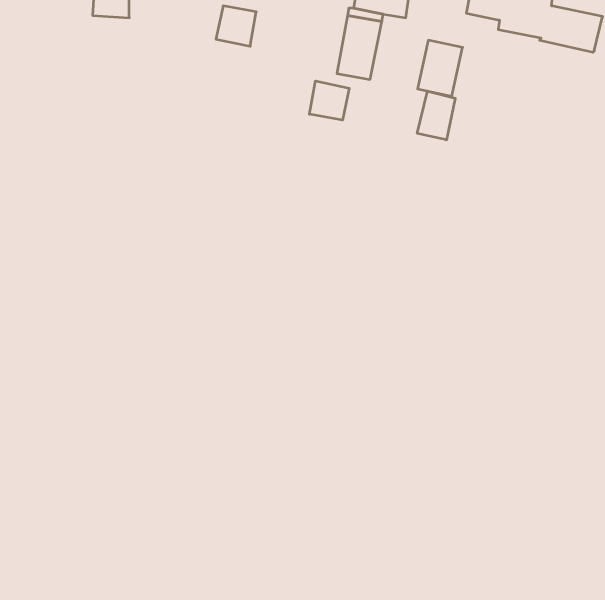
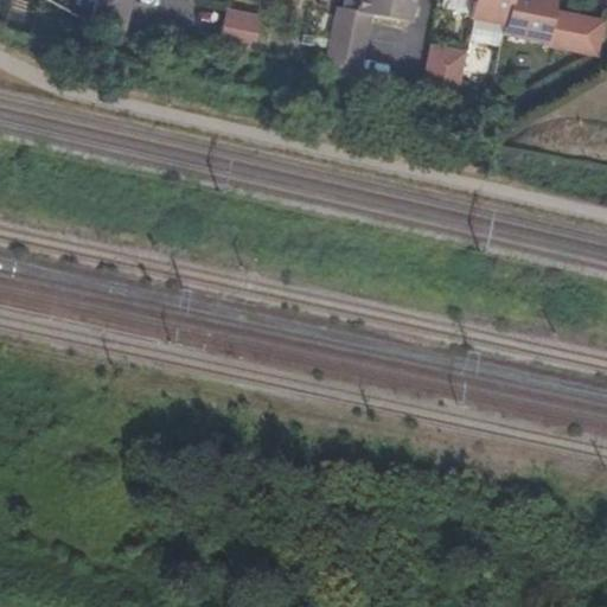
building: [309,81,349,120] -> none
building: [417,91,455,140] -> none

